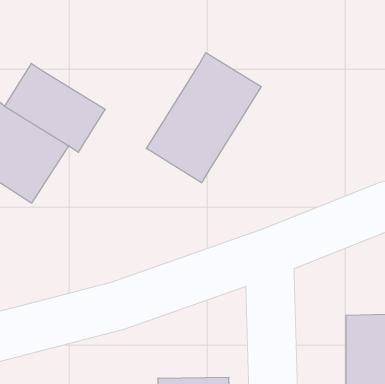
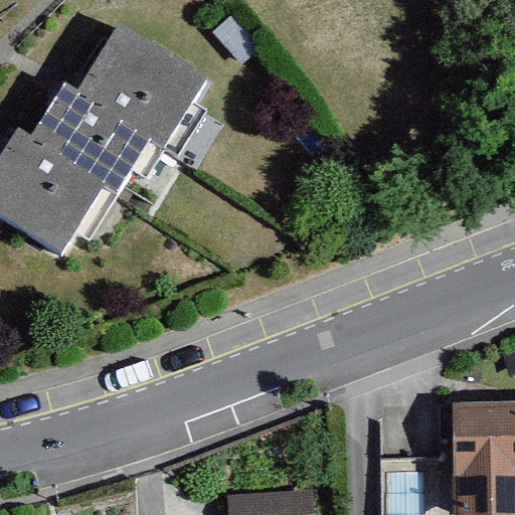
building: none -> [74,29,210,155]
building: [146,53,261,183] -> none

